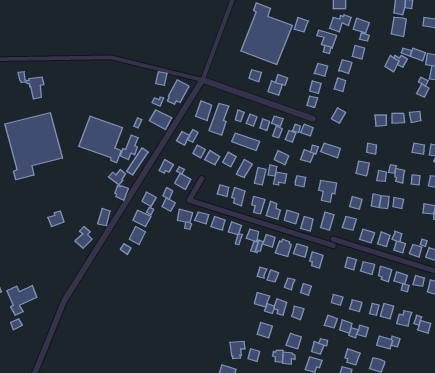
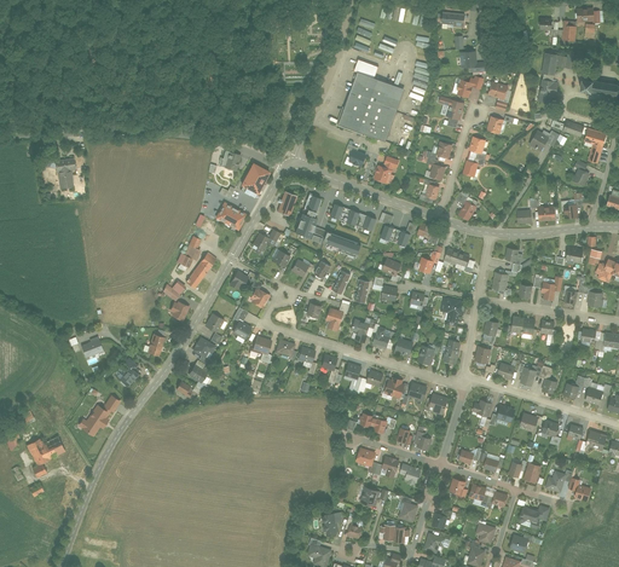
building: [5,113,62,180] -> none
building: [79,116,122,163] -> none
building: none -> [77,394,120,436]

